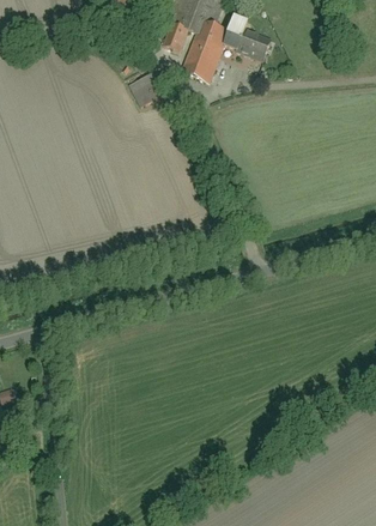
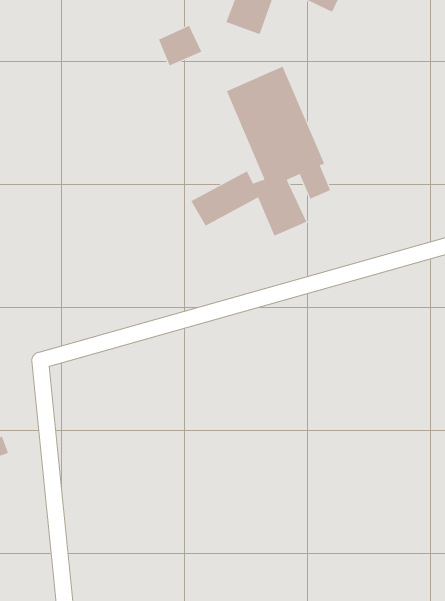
building: none -> [191,66,331,237]

